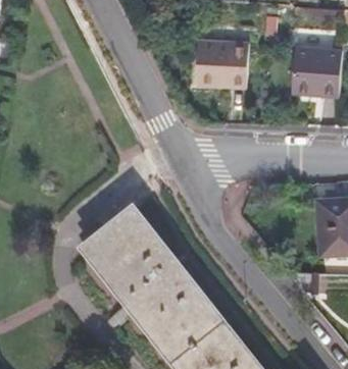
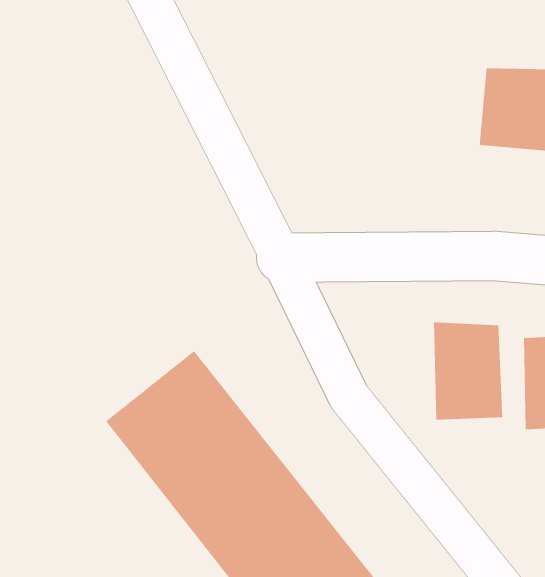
building: [199,42,251,87] -> none
building: none -> [433,321,503,420]

